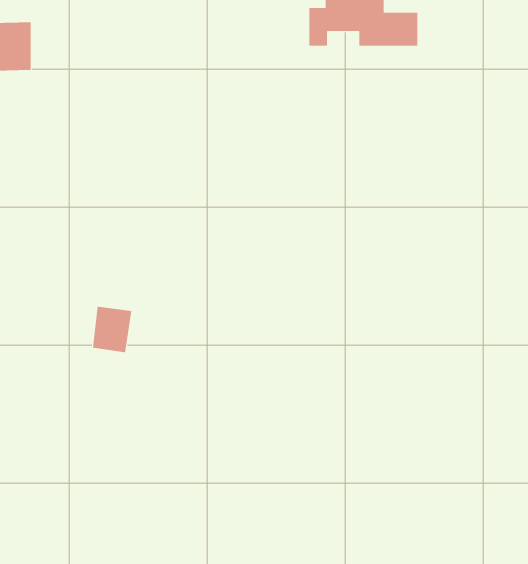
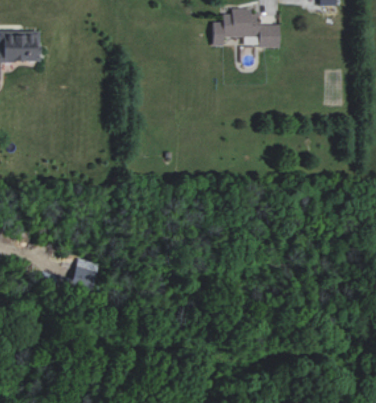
building: [92,306,132,353] -> [72,260,97,289]

